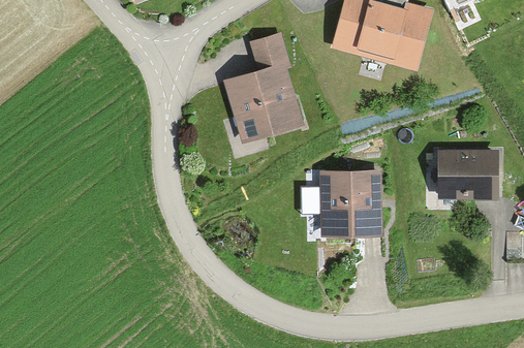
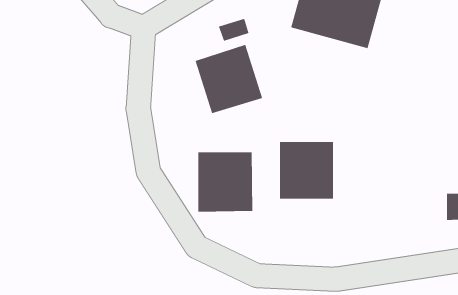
building: [437,152,498,198] -> none
building: none -> [197,152,253,212]

